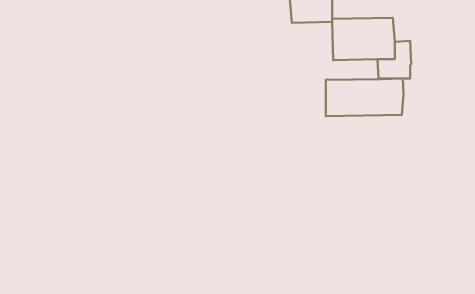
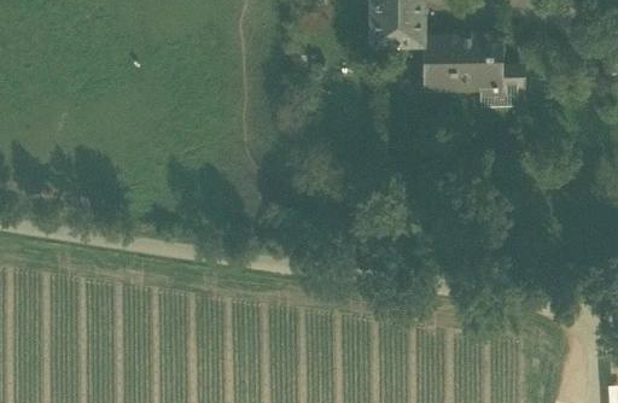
building: [326,79,404,116] -> none

